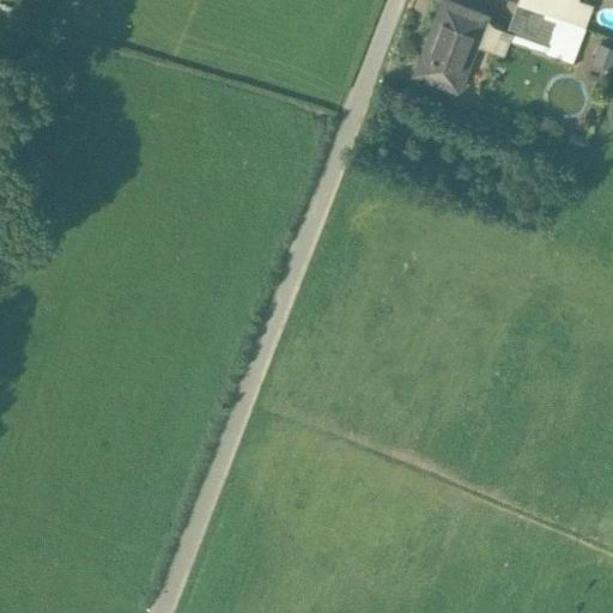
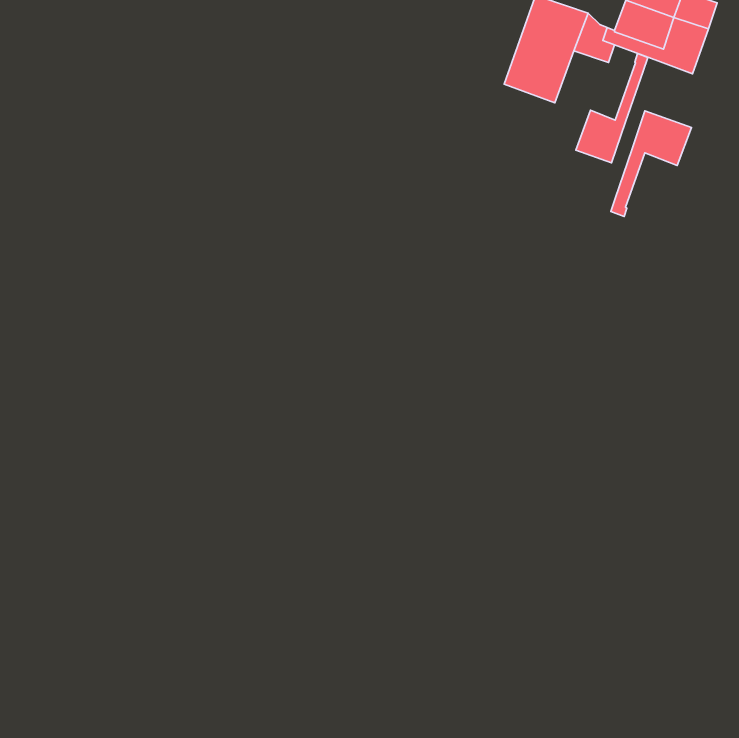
building: none -> [576,53,648,163]
building: none -> [611,111,692,216]

